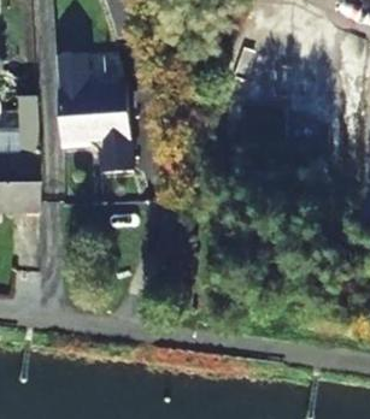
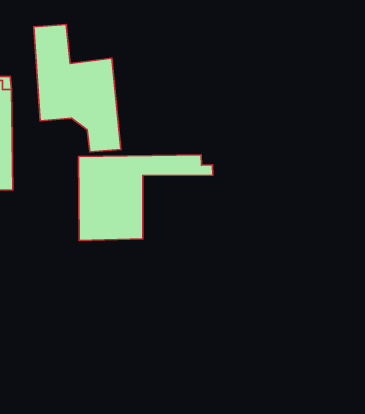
building: none -> [78,155,213,240]

